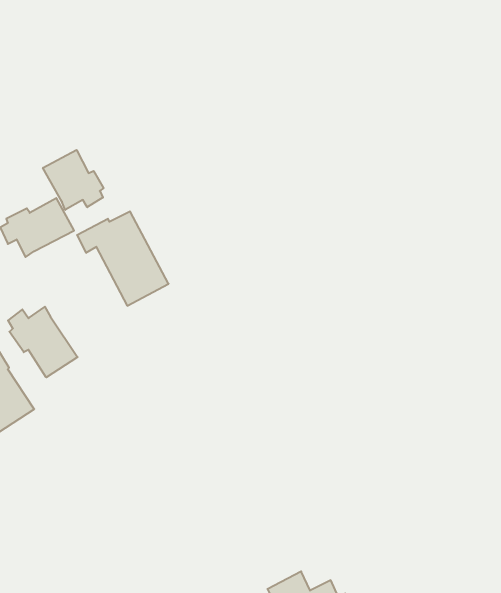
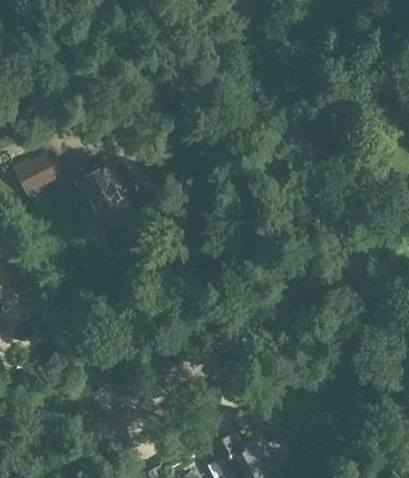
building: [43,150,104,210] -> none
building: [8,307,78,377] -> none

